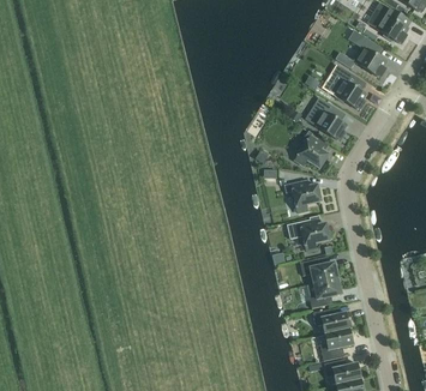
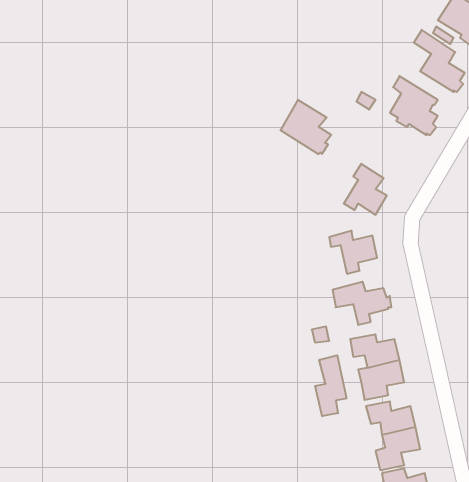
building: [308,98,347,139] -> [280,100,331,154]
building: none -> [315,355,346,416]

